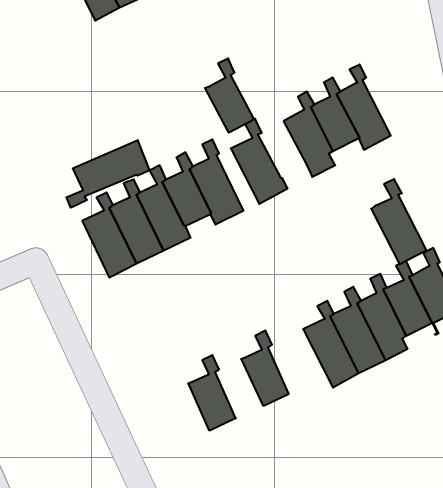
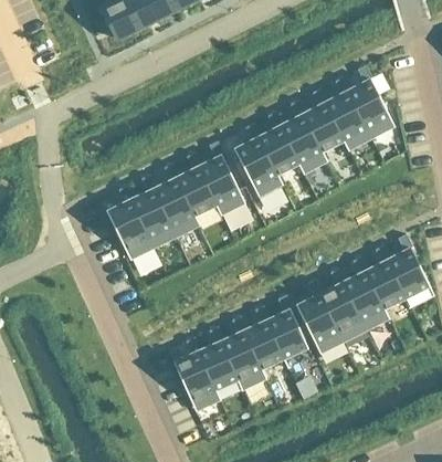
building: [205,58,254,132] -> [257,112,299,175]
building: [66,140,149,208] -> none
building: [371,179,427,264] -> [347,65,394,138]
building: none -> [266,295,309,369]
building: none -> [221,316,267,390]
building: none -> [173,337,221,411]

